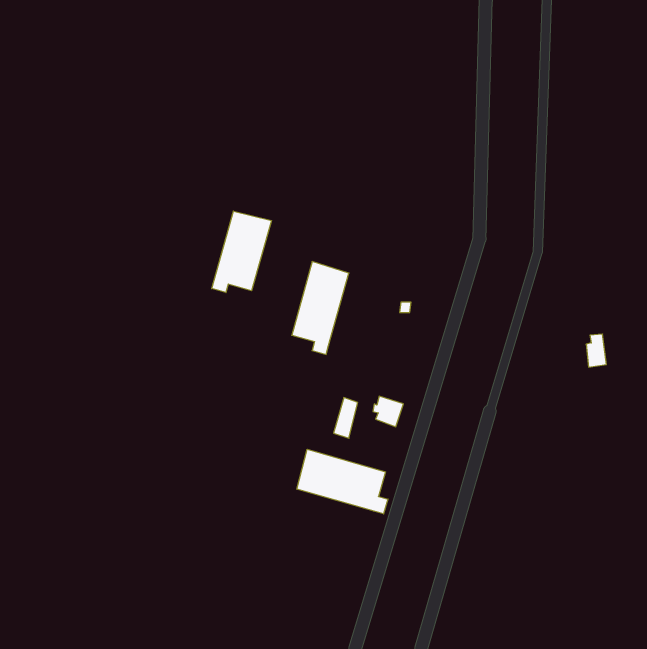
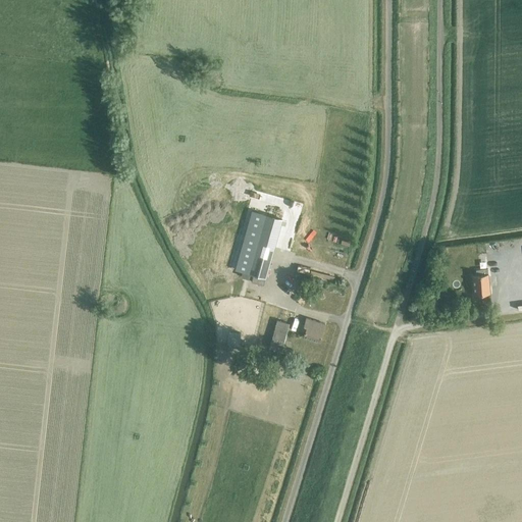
building: [212,211,271,293] -> none
building: [297,449,388,514] -> none

